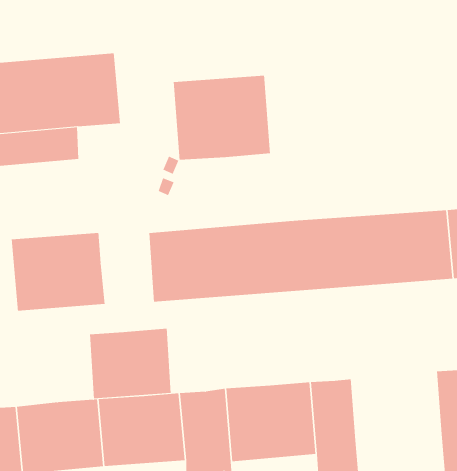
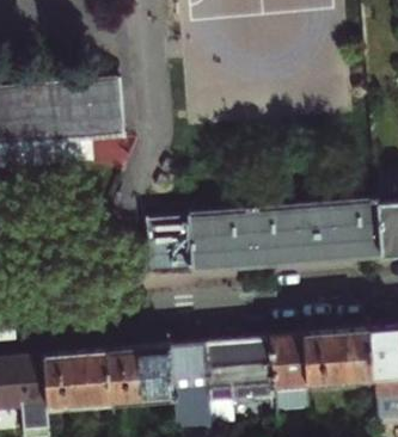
building: [173,75,270,161] -> none
building: [11,232,105,311] -> none
building: [89,328,171,399] -> none
building: none -> [304,327,373,381]

